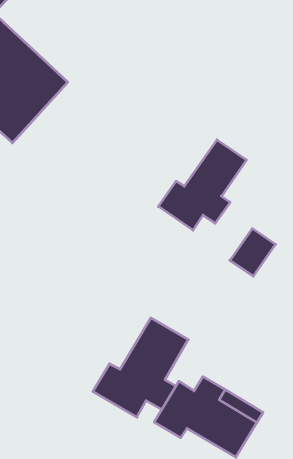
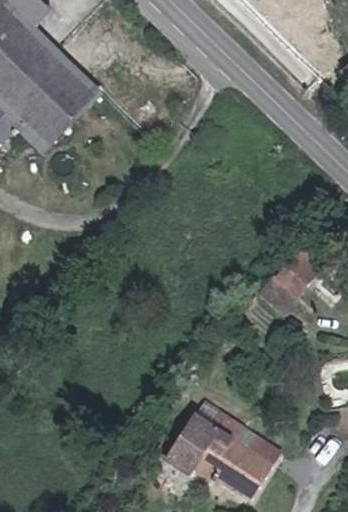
building: [158,140,246,230] -> none
building: [93,318,188,417] -> none

